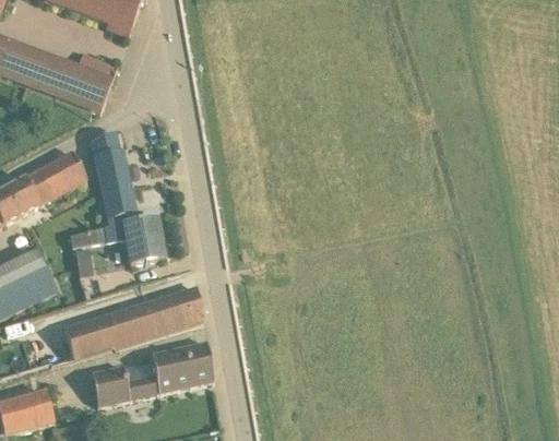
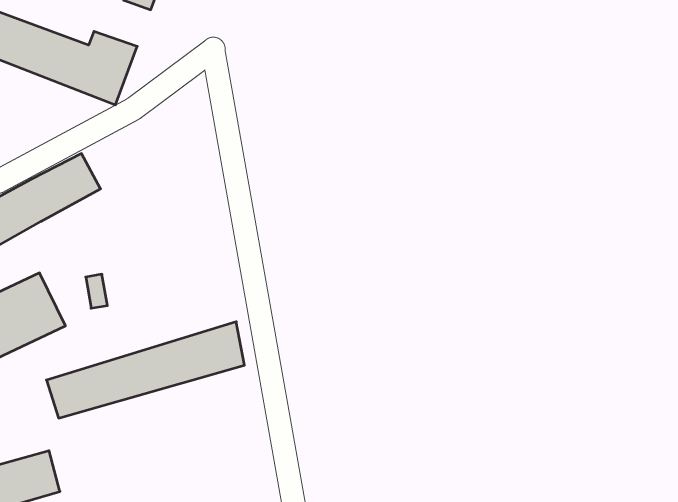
building: [91,130,136,218] -> none
building: [70,218,165,266] -> none
building: [93,343,214,407] -> none

